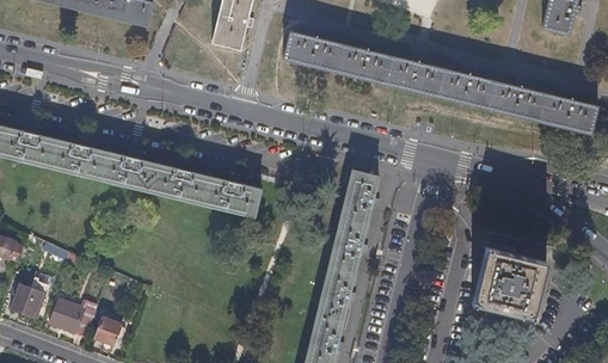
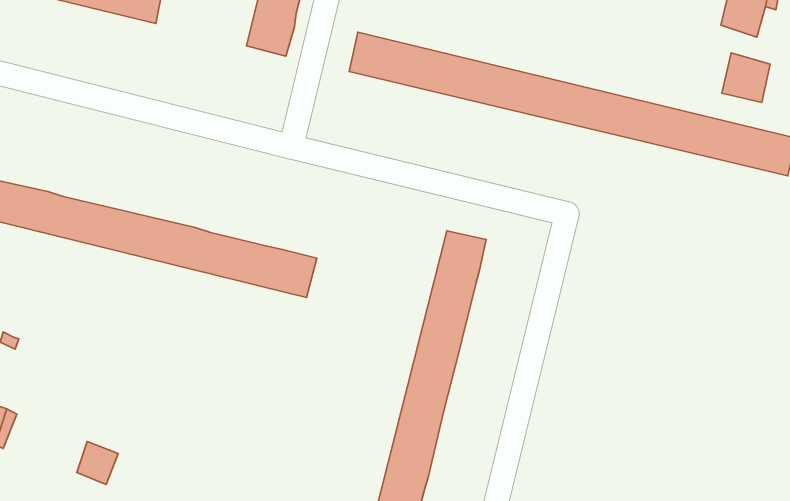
building: none -> [722,53,770,103]
building: [473,247,547,319] -> none
building: [50,300,94,338] -> none

